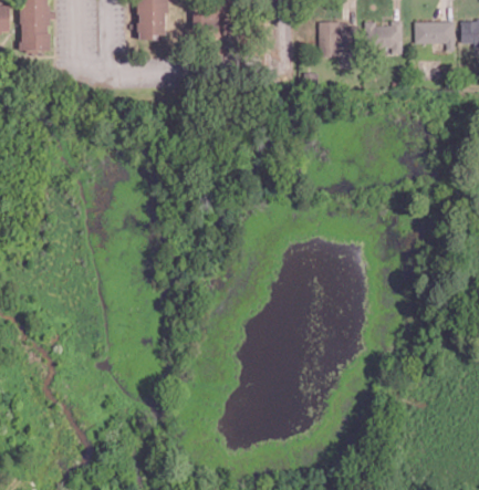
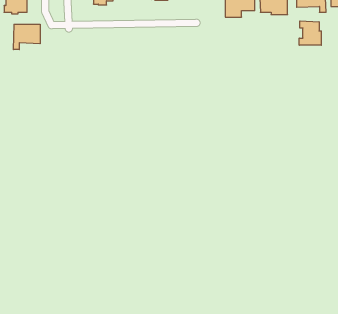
building: none -> [299,21,321,45]
building: none -> [13,24,40,50]

